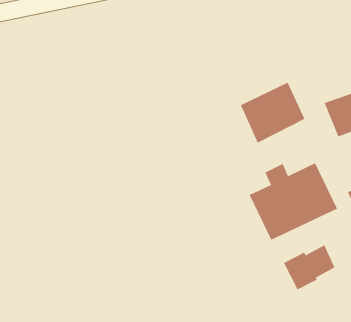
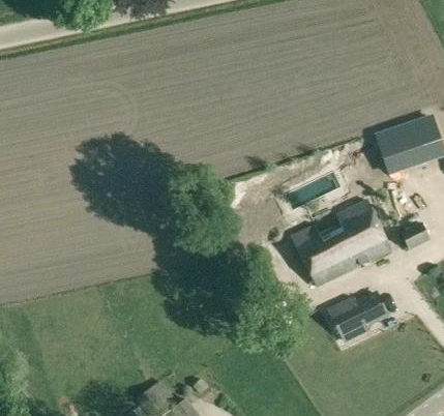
building: [240,82,305,143] -> none

